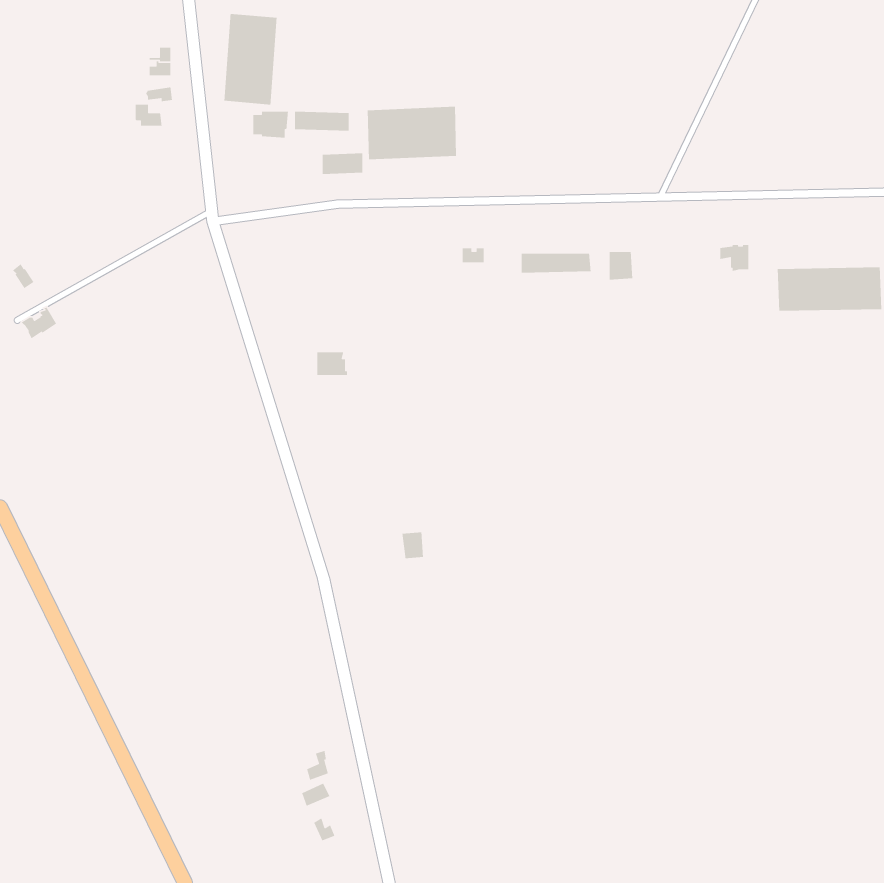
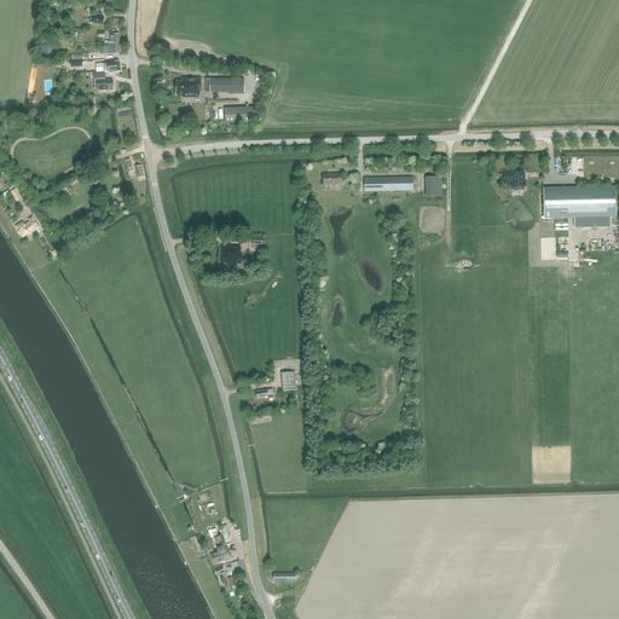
building: [224,13,278,106] -> none
building: [367,106,457,160] -> none

